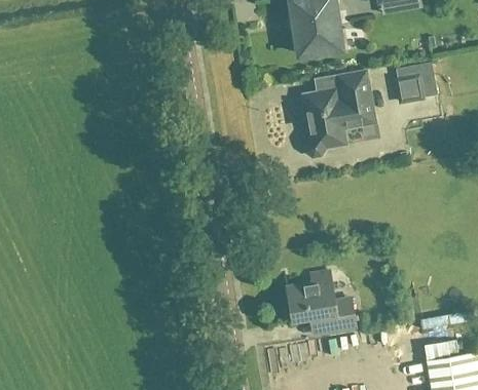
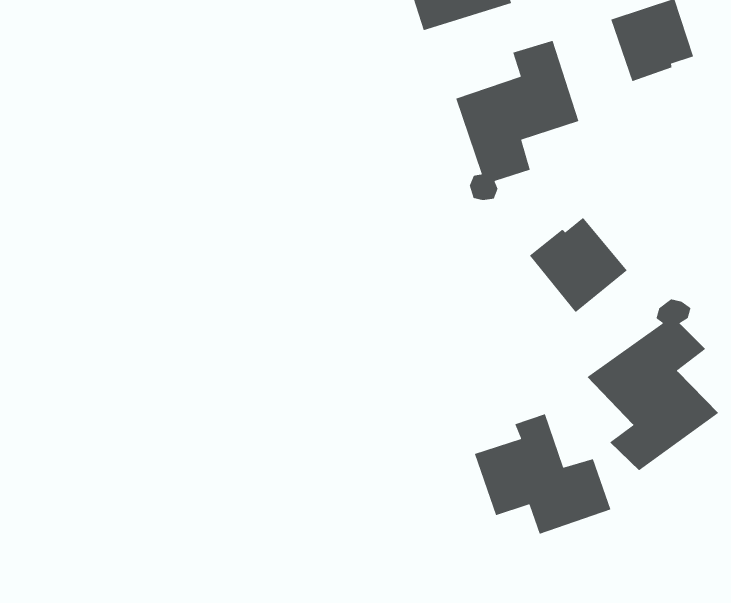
building: none -> [529,217,628,313]
building: none -> [586,298,719,471]

